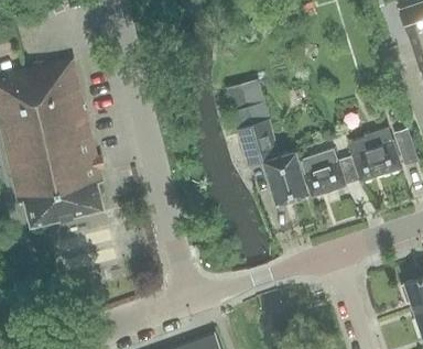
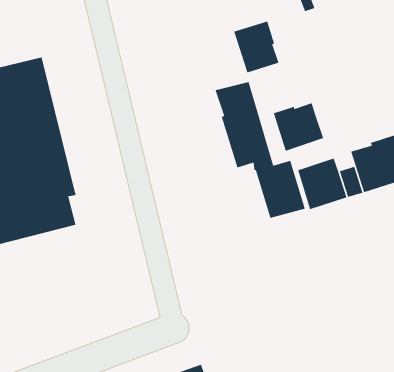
building: none -> [233,20,280,74]
building: none -> [273,102,324,152]

